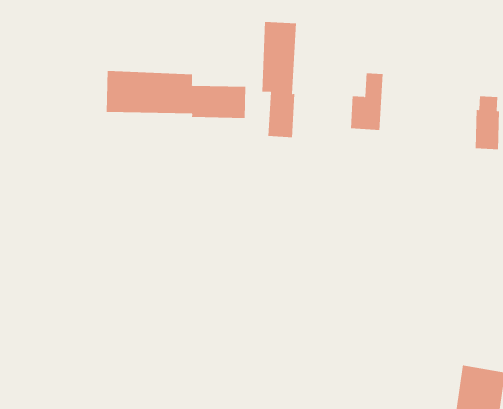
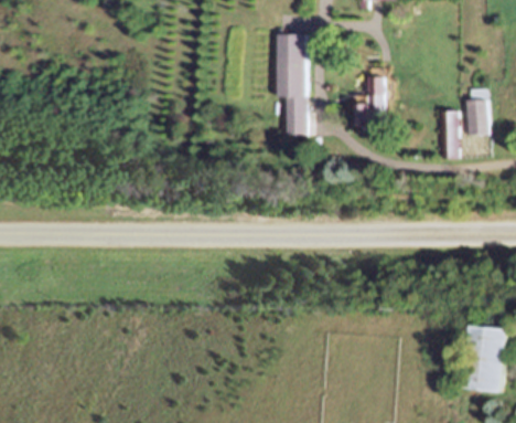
building: [106,70,246,119] -> none
building: none -> [443,112,460,159]

